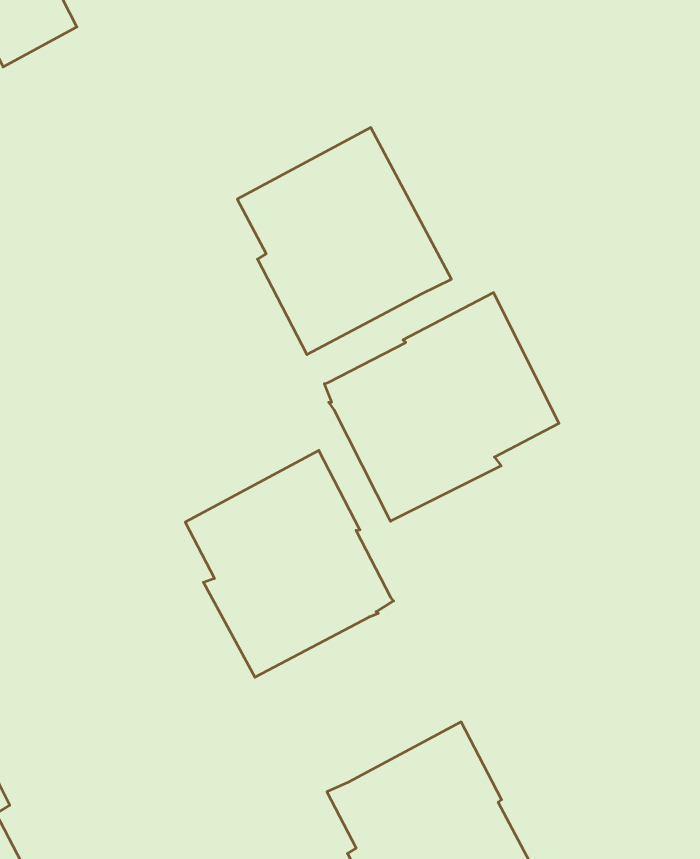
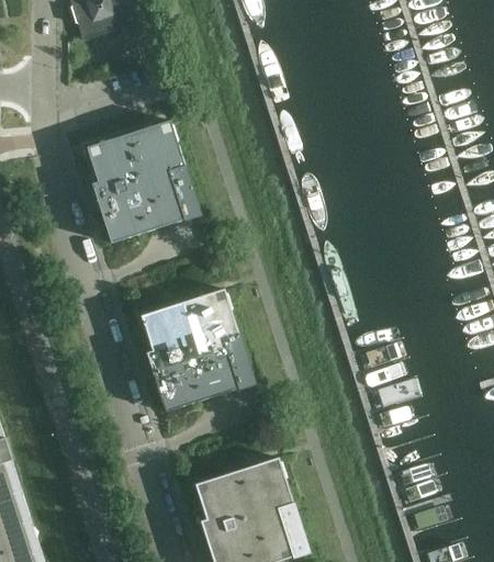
building: [237,128,451,355] -> [87,121,201,244]
building: [324,293,559,521] -> none

